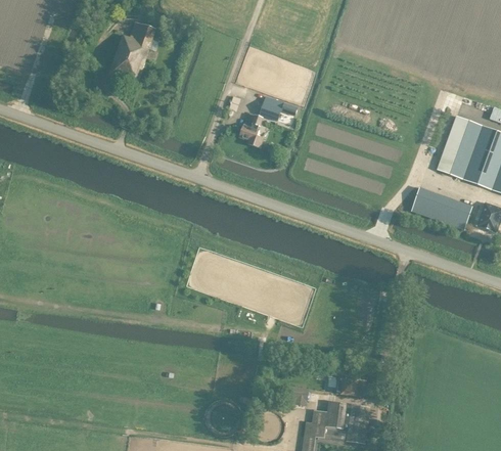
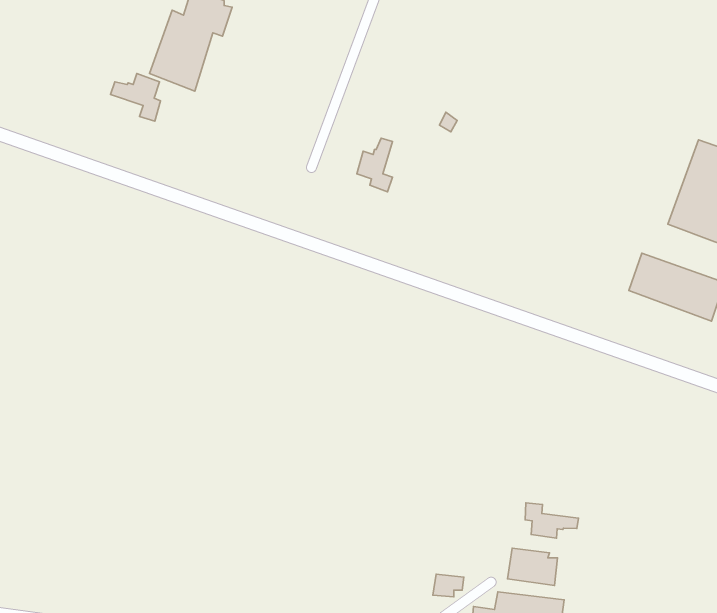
building: none -> [110,74,161,121]
building: [259,96,289,121] -> none
building: none -> [525,503,578,538]

